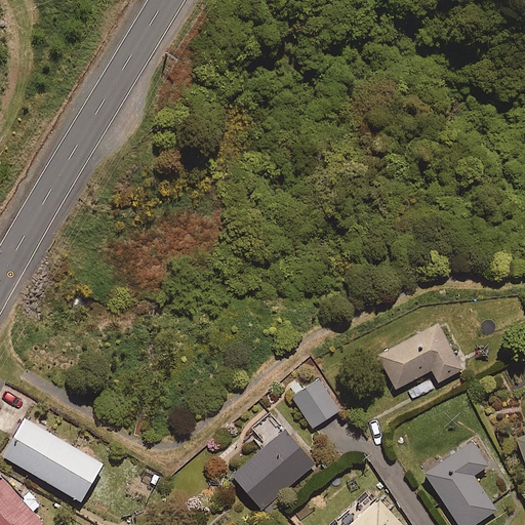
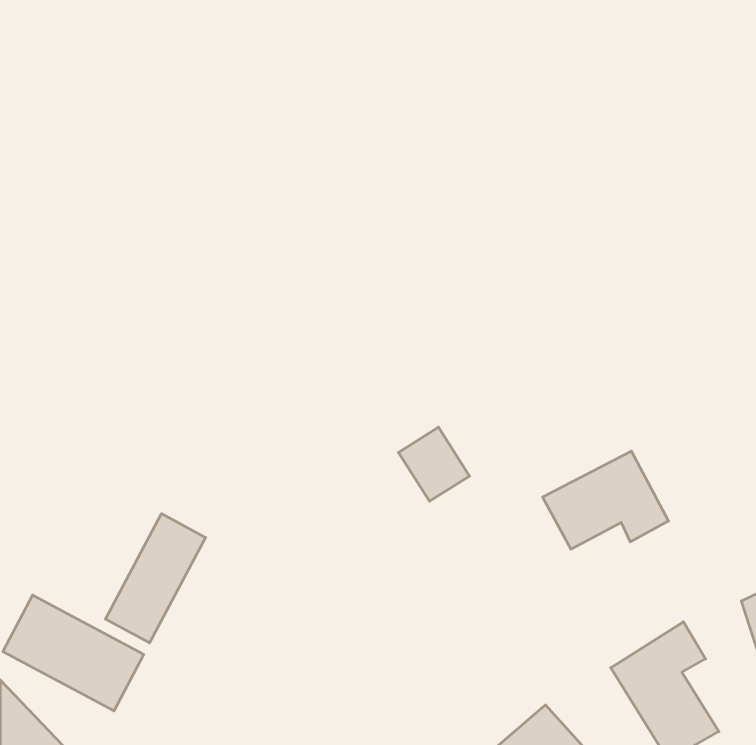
building: none -> [105,514,206,643]
building: [291,378,340,430] -> [398,427,470,501]
building: [231,416,316,511] -> none

